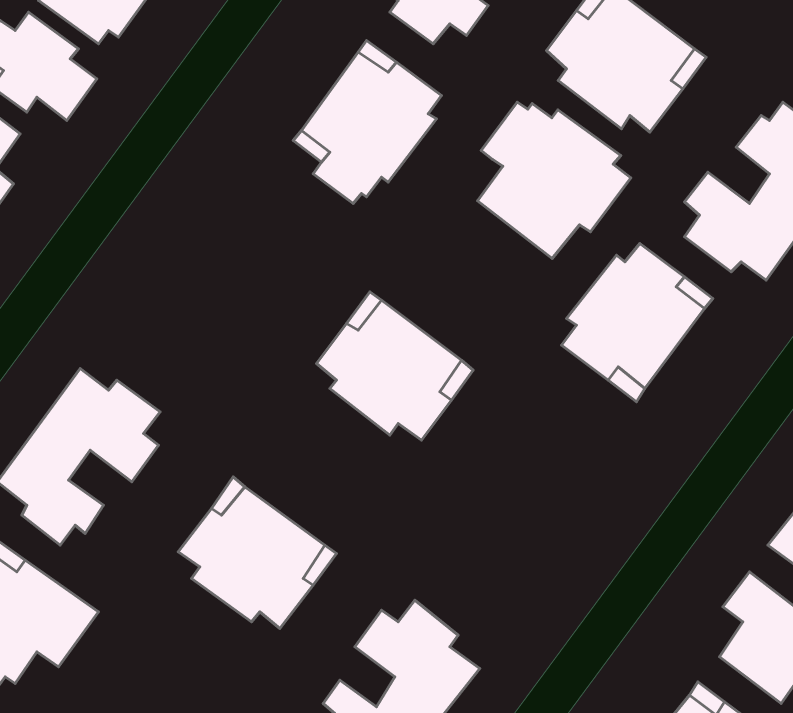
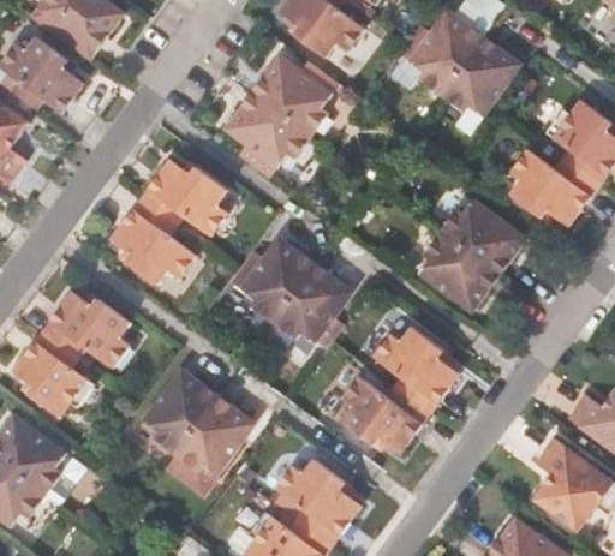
building: [478,102,631,258] -> none
building: none -> [112,156,228,283]
building: none -> [341,324,458,452]

